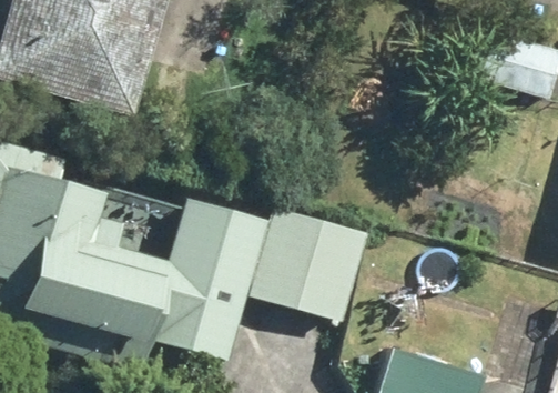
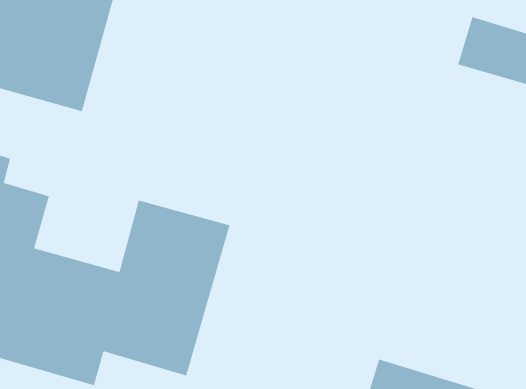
building: [250,206,368,318] -> none

